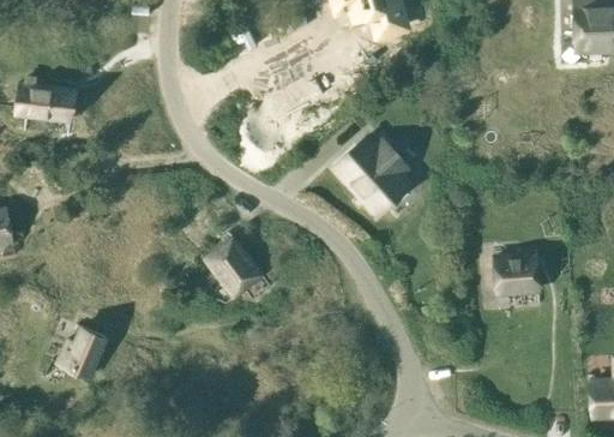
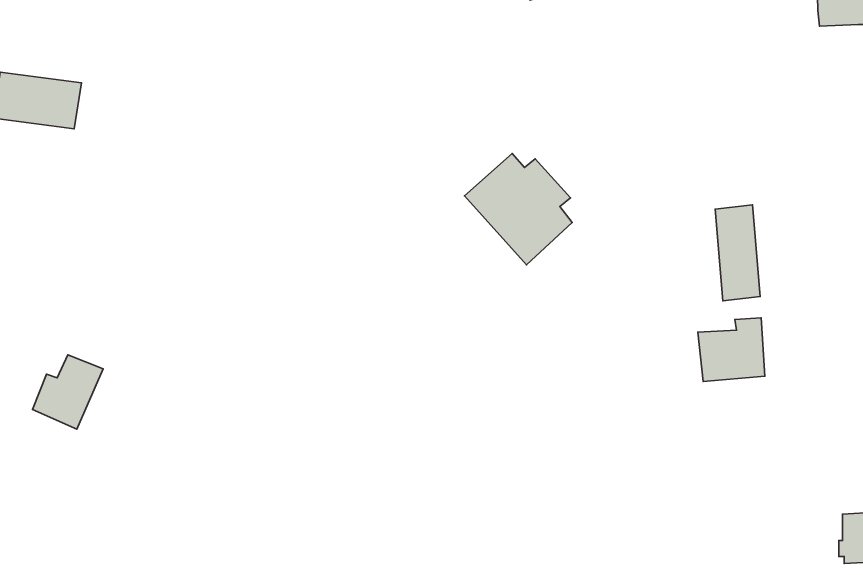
building: none -> [715,205,760,301]
building: [205,235,264,297] -> none
building: [60,325,108,376] -> [33,355,103,429]

